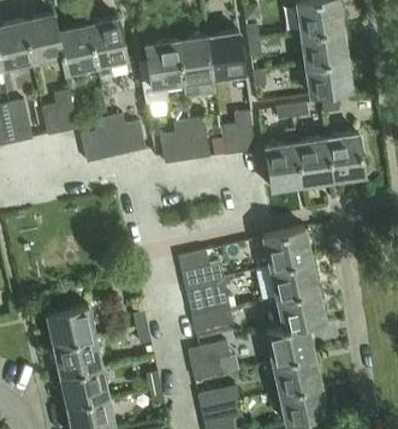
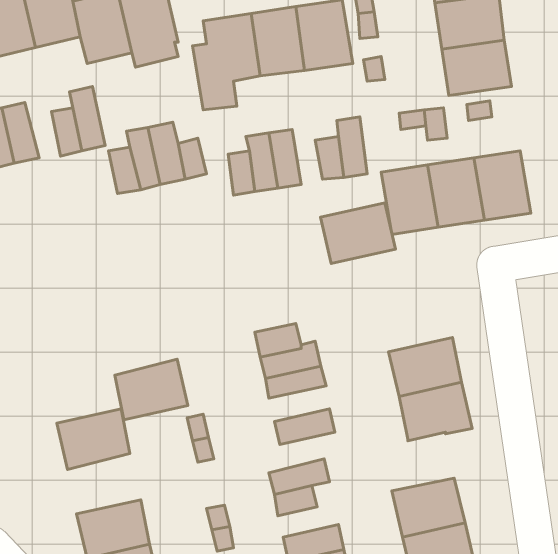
building: [262,230,313,270] -> [321,203,395,263]
building: [265,324,314,364] -> none
building: [53,339,102,380] -> [115,359,188,420]

